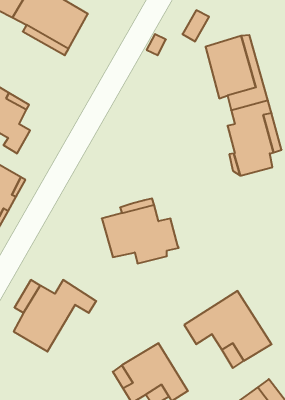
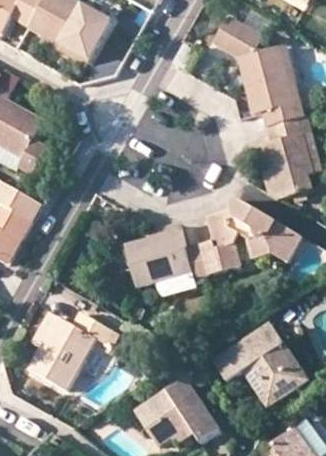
building: none -> [226,24,276,57]
building: none -> [199,197,301,274]

